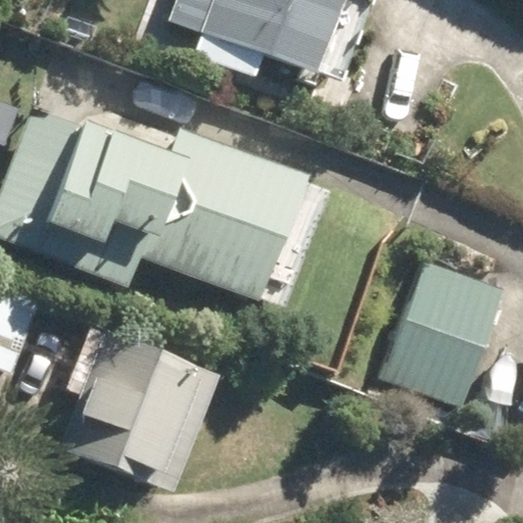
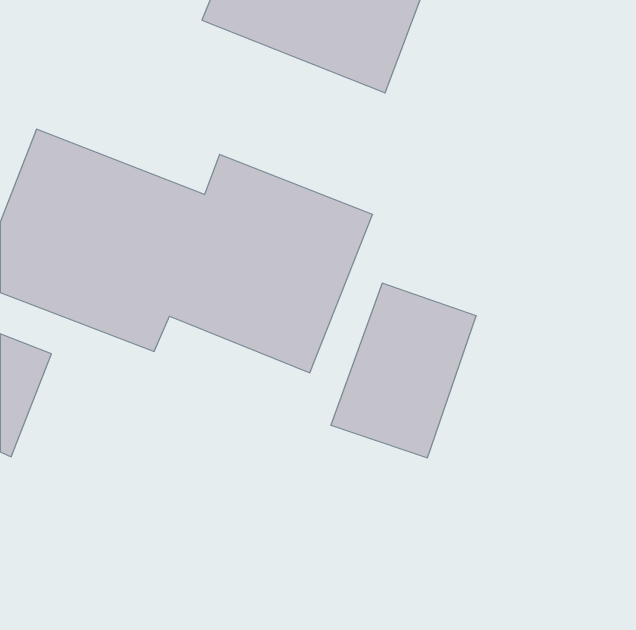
building: [385,260,504,402] -> [331,283,476,458]
building: [60,330,223,494] -> none

